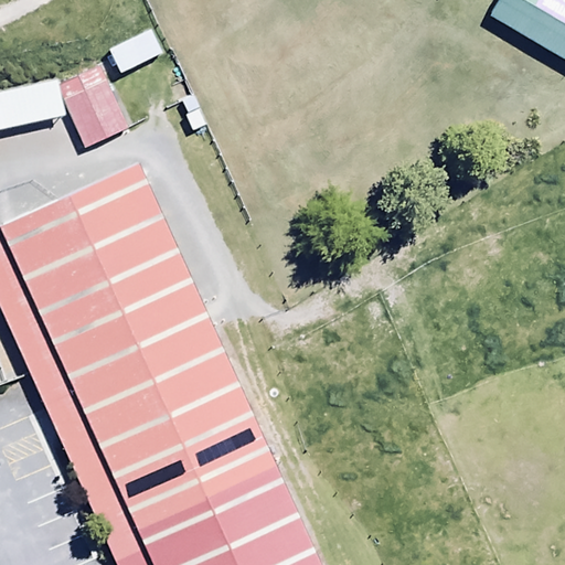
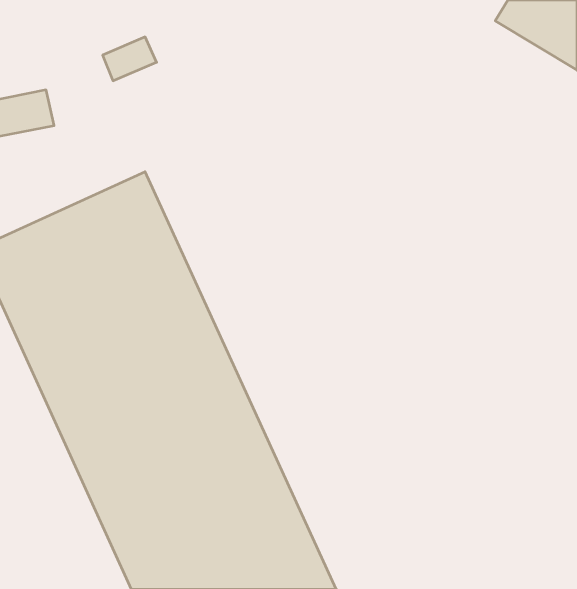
building: [49,74,109,150] -> none

